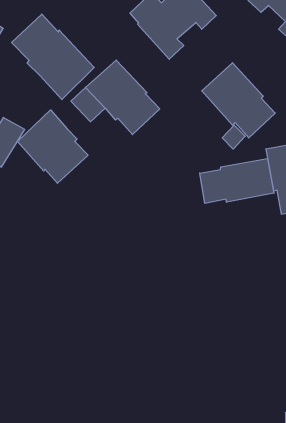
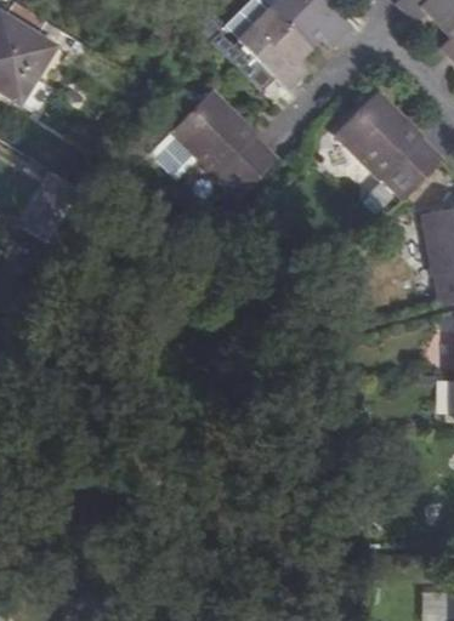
building: [12,14,94,100] -> none
building: [17,110,88,183] -> none
building: [200,158,274,203] -> none

